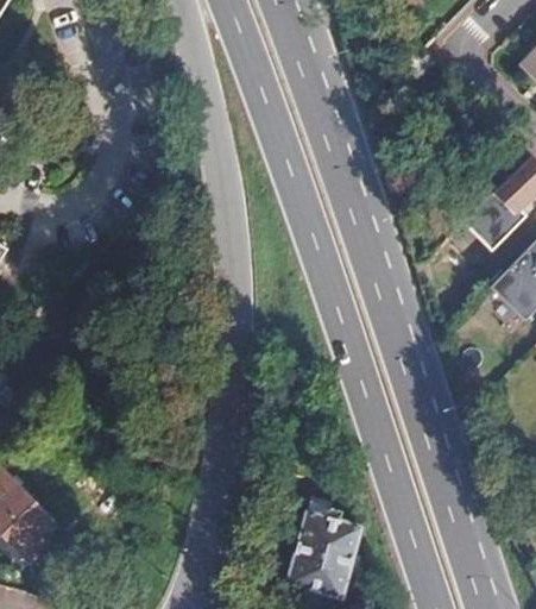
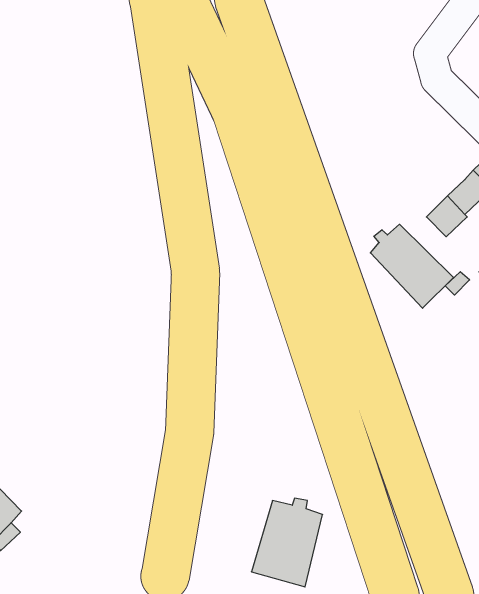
building: none -> [370,224,454,308]

